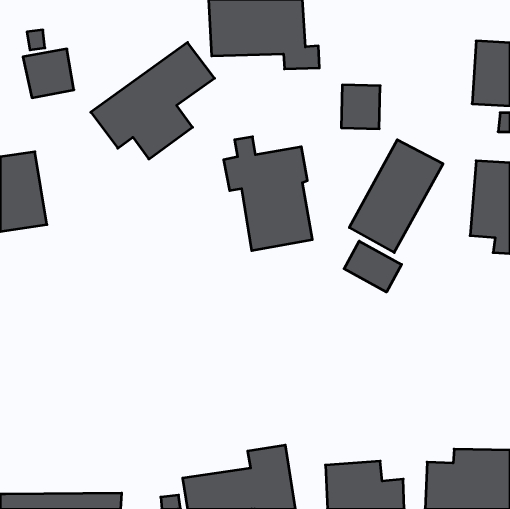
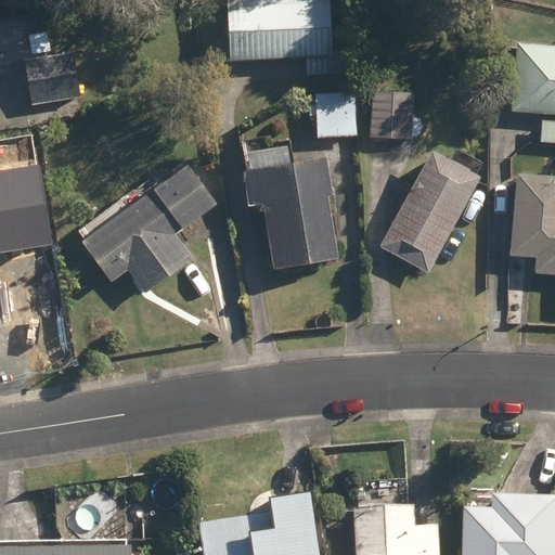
building: [91,42,215,159] -> [82,167,217,294]
building: none -> [315,93,358,140]
building: [344,241,402,292] -> none

